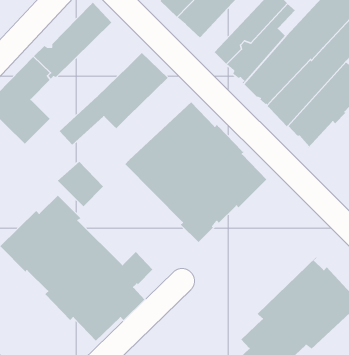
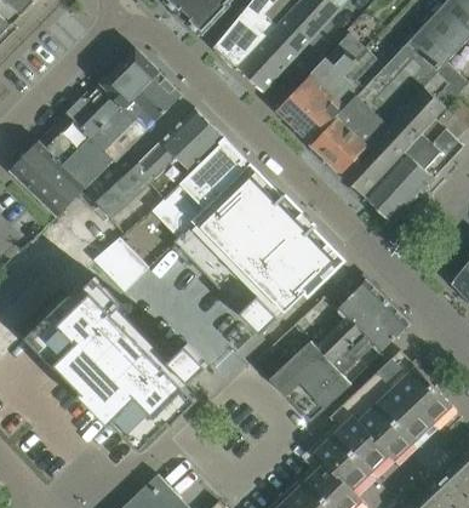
building: none -> [63,73,182,187]
building: none -> [153,138,252,235]
building: none -> [270,278,410,422]

